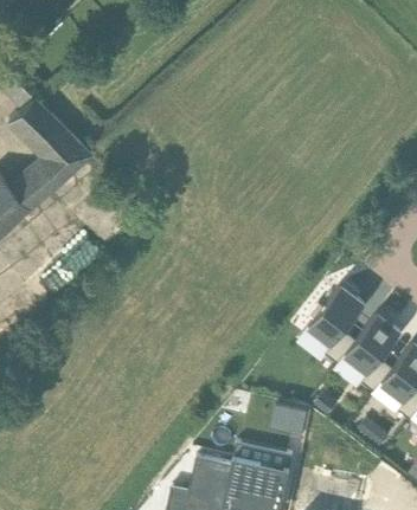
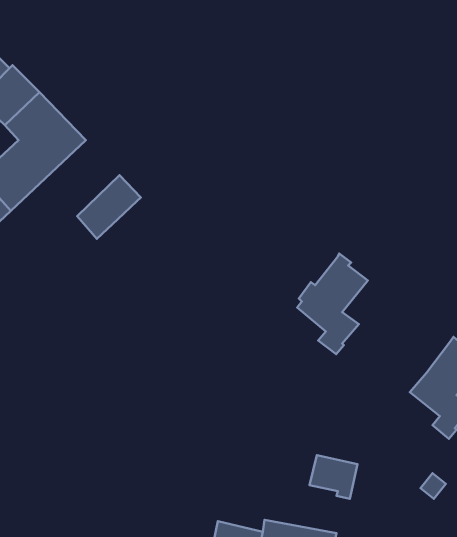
building: none -> [77,175,141,239]
building: [313,284,368,363] -> [297,254,368,354]

